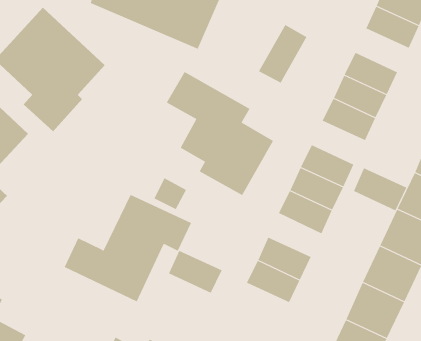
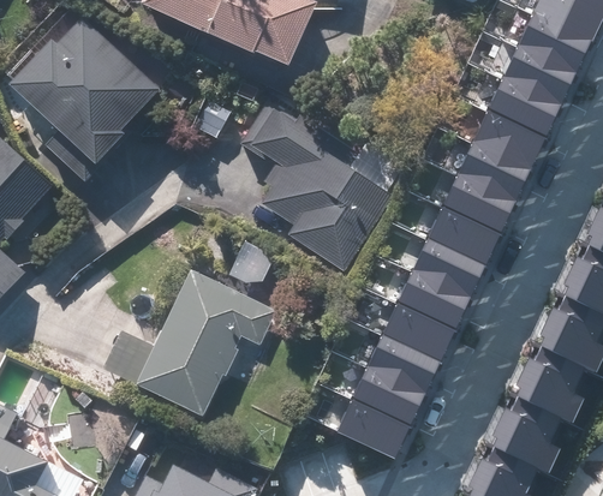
building: [258,24,307,83] -> none
building: none -> [503,41,578,101]
building: [353,167,407,211] -> [443,168,518,228]
building: none -> [383,295,458,355]
building: [168,250,222,294] -> [339,392,413,452]

